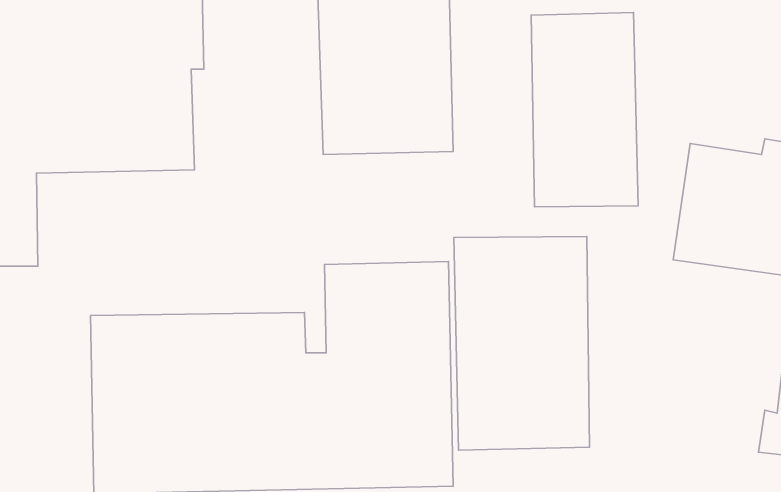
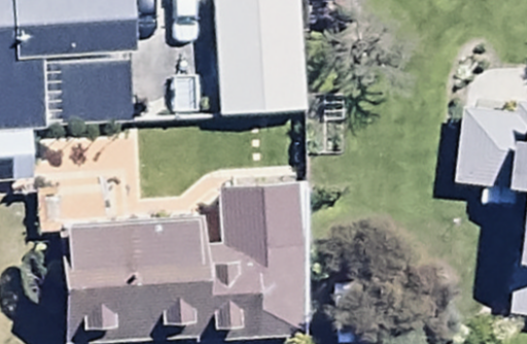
building: [531,13,638,207] -> none
building: [454,236,590,450] -> none

